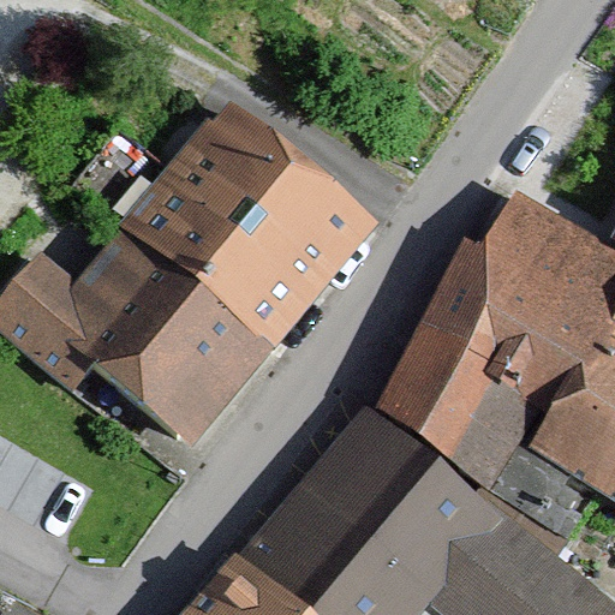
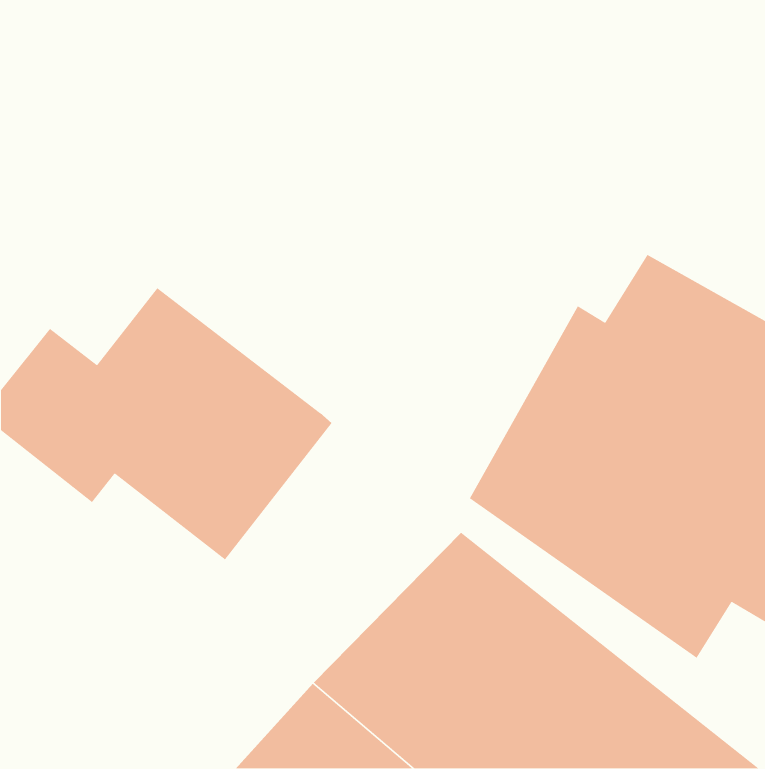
building: [131,97,362,328] -> none

